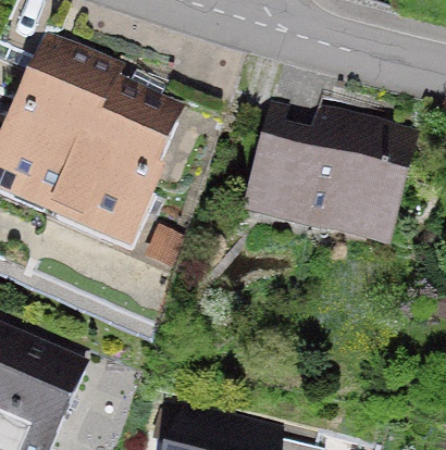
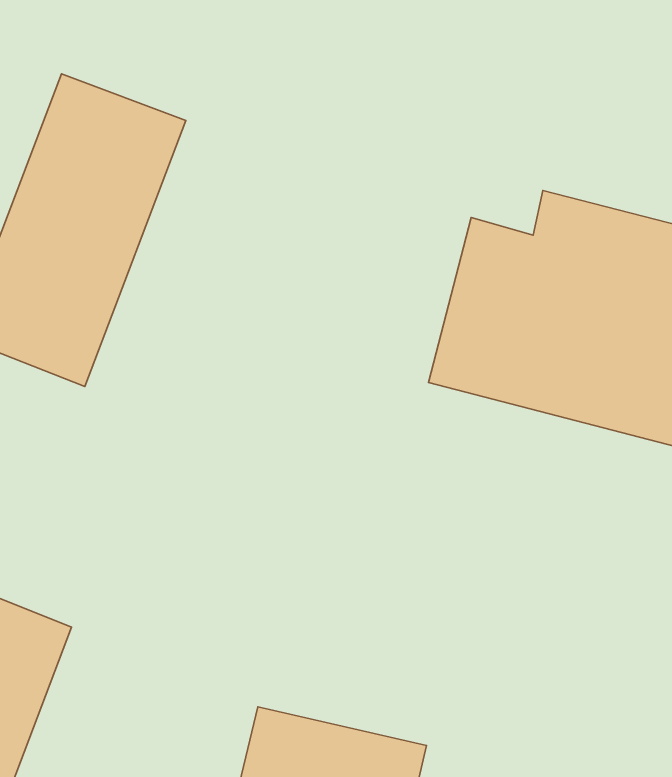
building: [74,77,198,252] -> none

